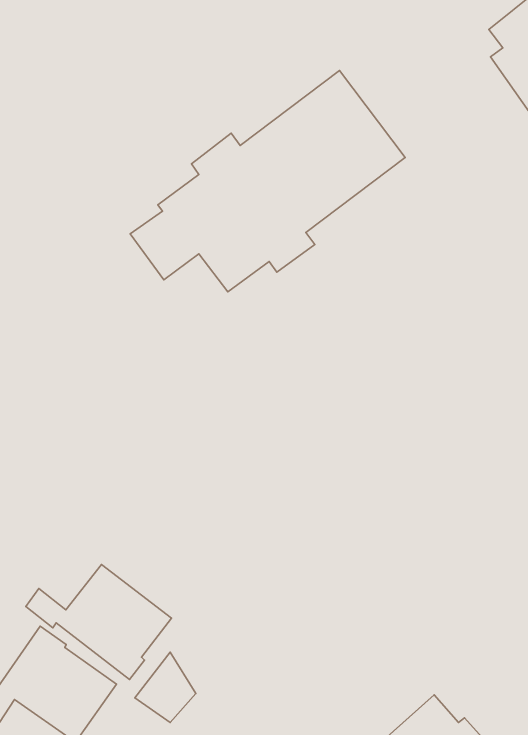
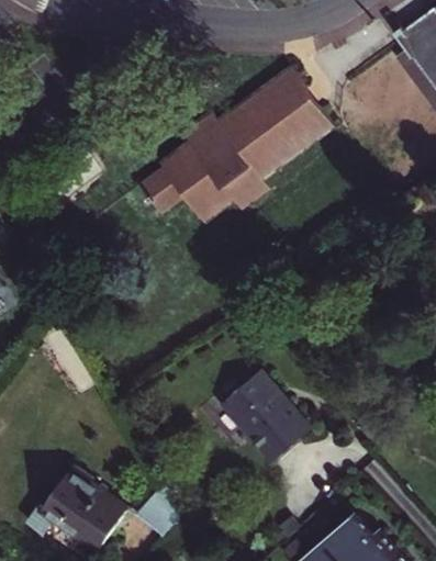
building: none -> [221,371,310,461]
building: [26,564,172,680] -> none

